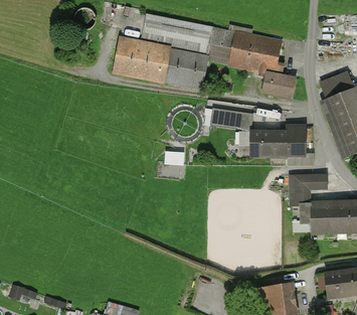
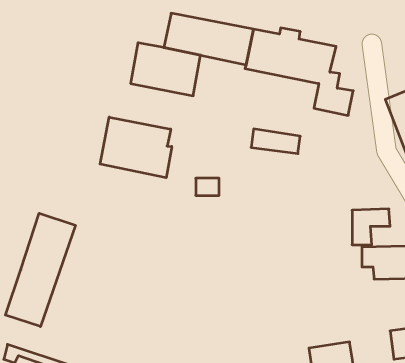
building: [165,48,208,89] -> none
building: none -> [100,117,172,178]
building: [241,127,305,155] -> none
building: none -> [5,213,75,327]

